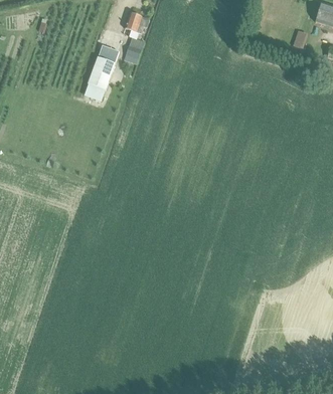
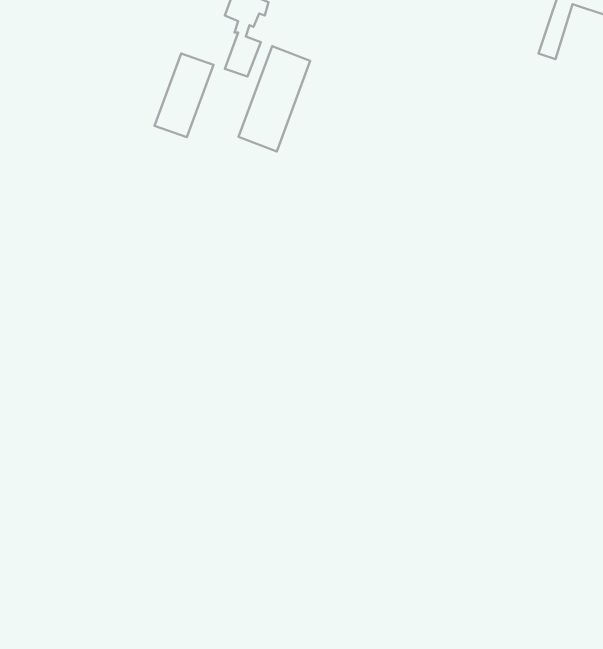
building: none -> [239,46,310,152]

